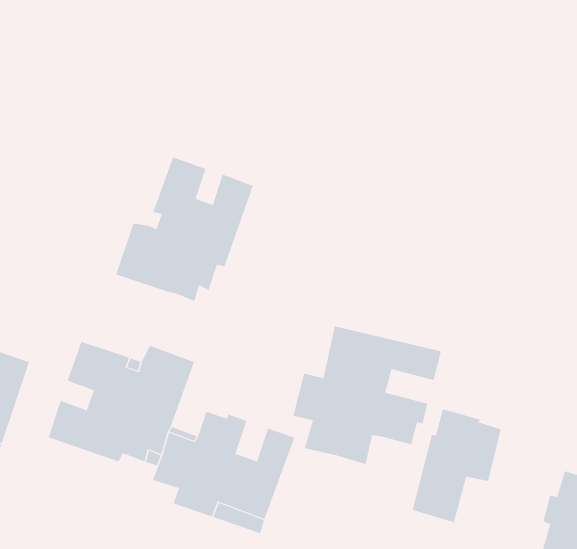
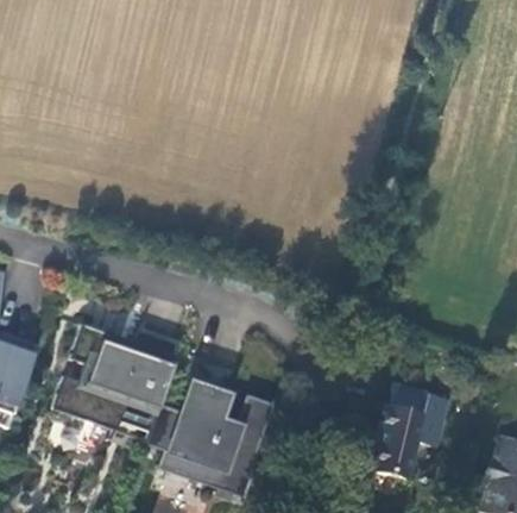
building: [115,157,253,302] -> none
building: [293,326,441,465] -> none

